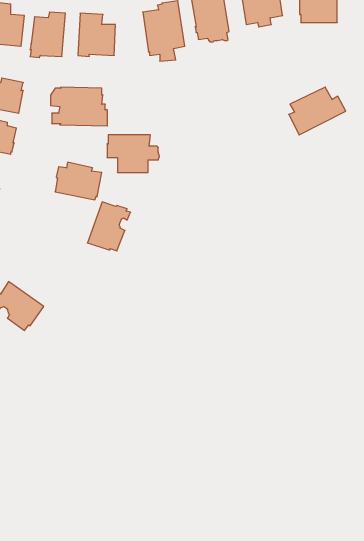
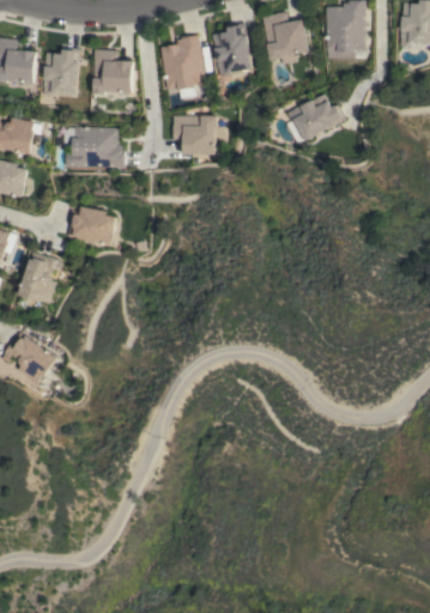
building: [289,87,346,135] -> [286,95,346,145]
building: [107,135,159,172] -> [171,116,226,156]
building: [87,202,131,251] -> [17,253,62,304]

